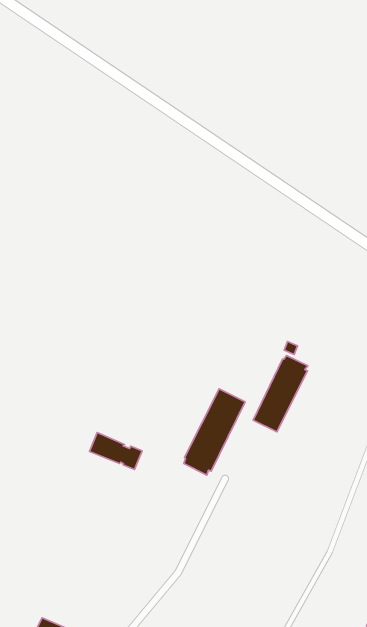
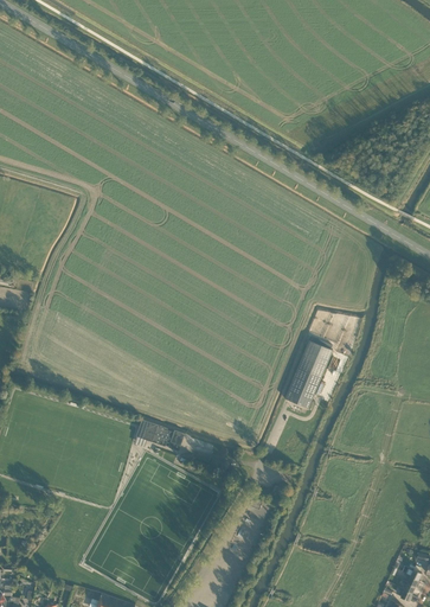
building: [184,389,245,475] -> none

